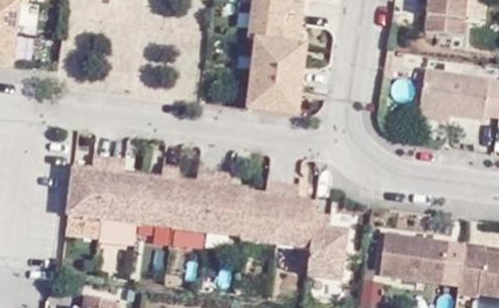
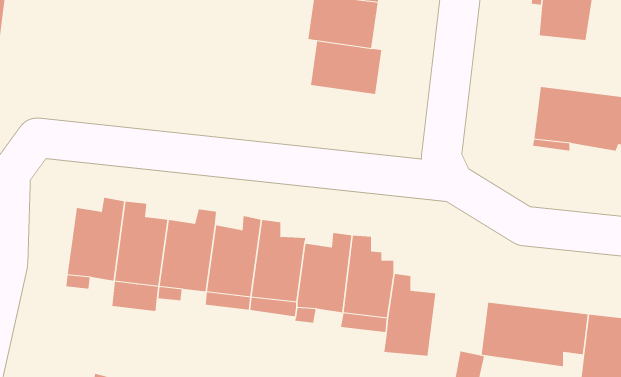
building: [244,70,300,113] -> none

